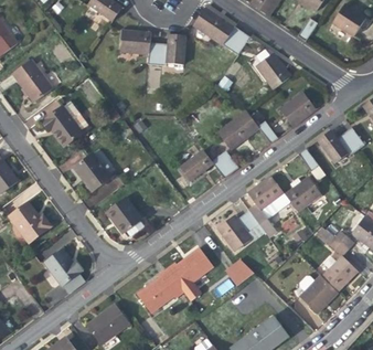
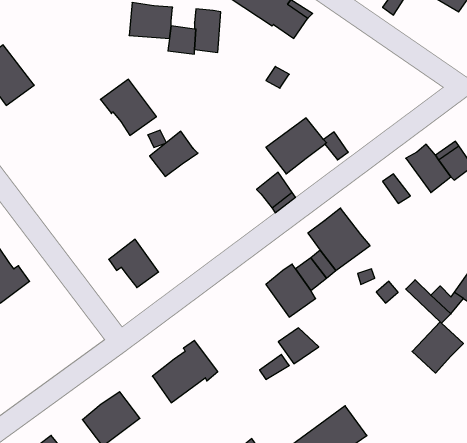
building: [256,53,291,89] -> none
building: [279,91,317,126] -> none
building: [42,106,82,146] -> [100,79,156,135]
building: [180,149,214,181] -> [150,131,198,176]
building: [74,153,110,190] -> none
building: [285,176,322,212] -> none
building: [167,247,213,300] -> none
building: [44,250,82,285] -> none
building: [300,276,338,312] -> none

